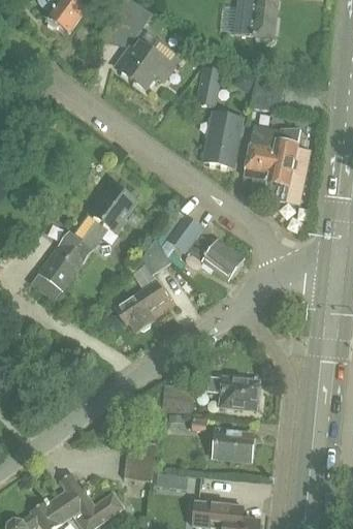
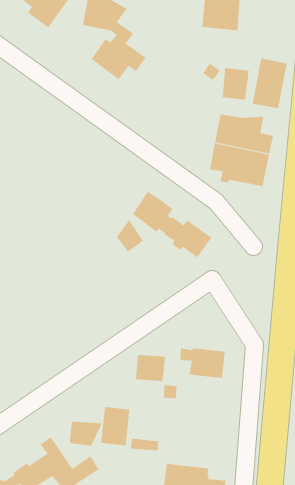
building: [195,65,222,106] -> none
building: [203,112,242,166] -> [252,58,287,109]
building: [36,185,134,290] -> none
building: [114,280,167,332] -> none
building: [213,427,253,461] -> none
building: none -> [69,421,103,447]

